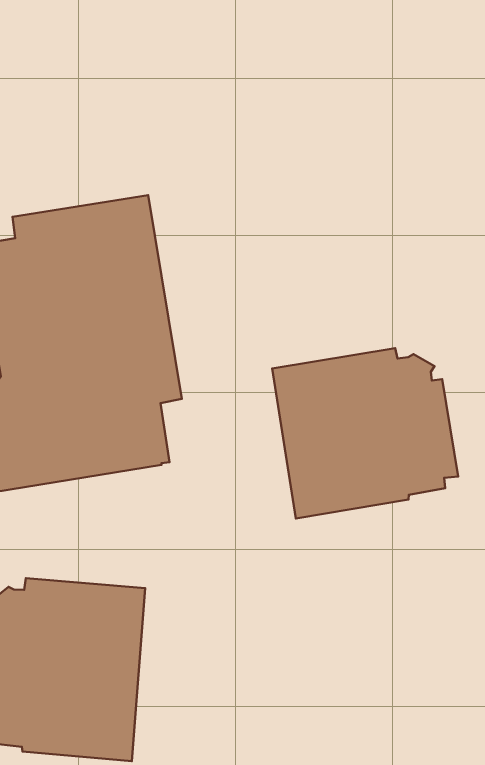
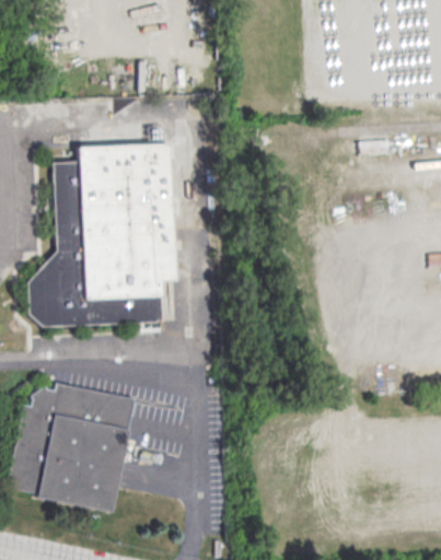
building: [272,348,458,518] -> none

